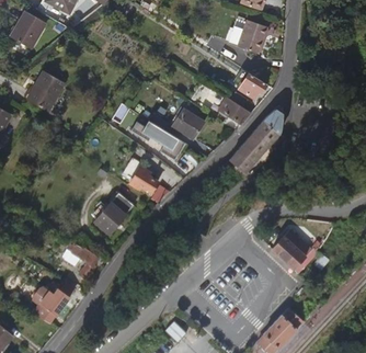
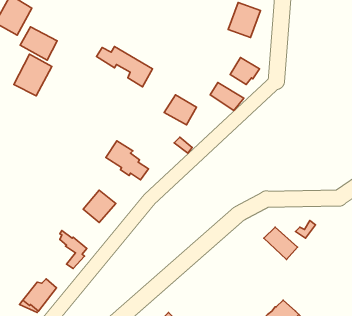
building: none -> [20,27,57,60]
building: [229,109,282,179] -> none
building: [131,121,186,160] -> [96,46,153,87]

